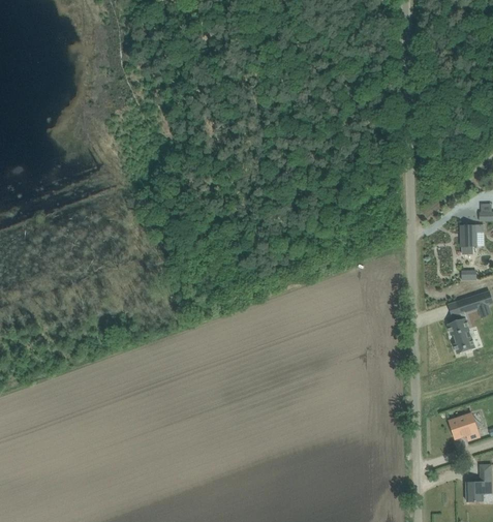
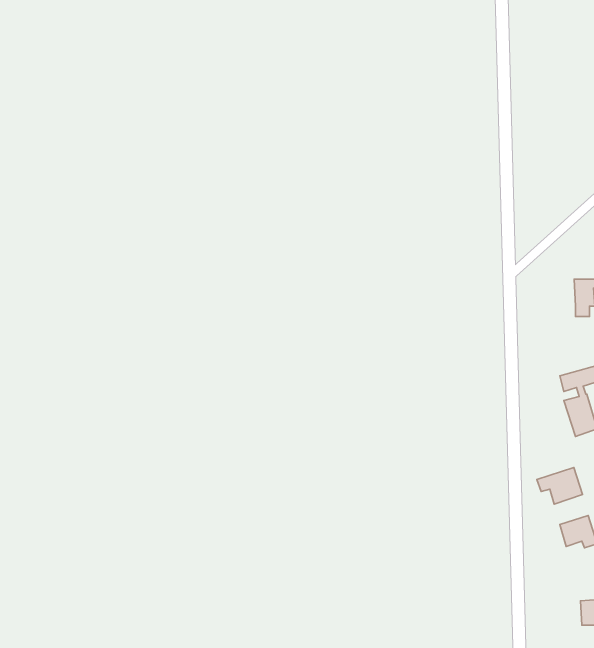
building: none -> [537,468,582,504]

